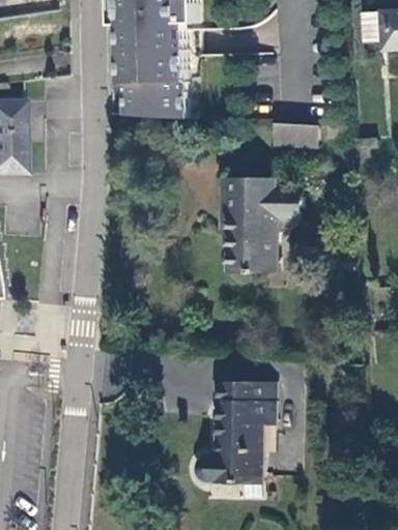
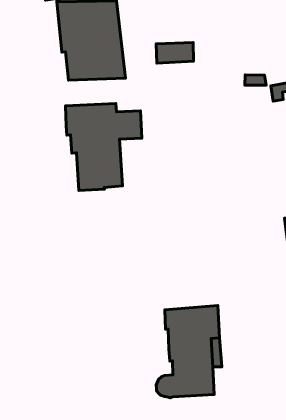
building: [278,123,320,146] -> [156,43,194,63]
building: [219,176,304,273] -> [65,104,142,190]

